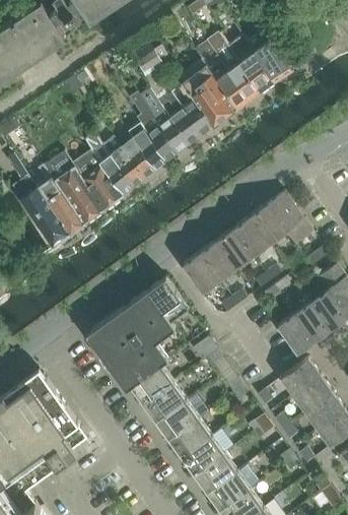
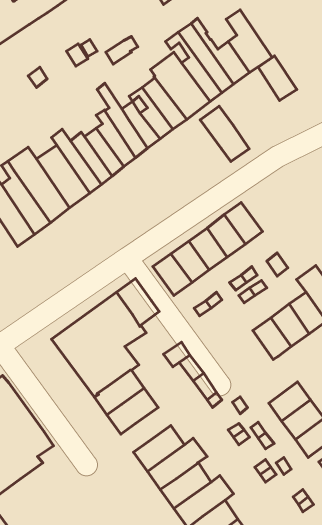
building: none -> [258,56,297,100]
building: [267,192,314,245] -> [200,106,249,162]
building: [281,359,321,396] -> none
building: [152,400,200,443] -> none

